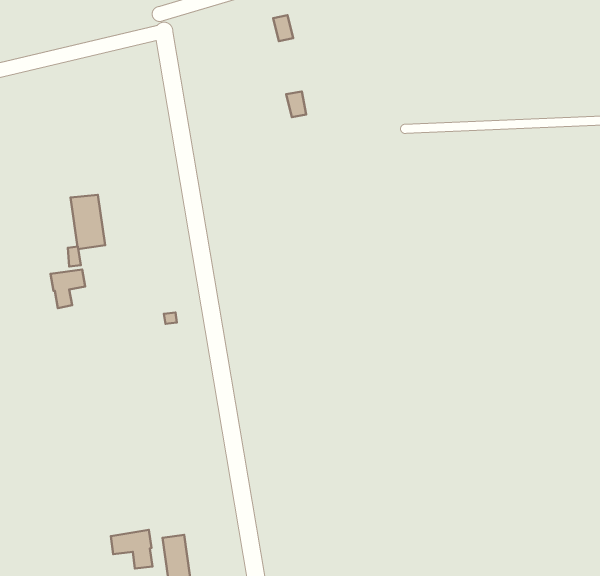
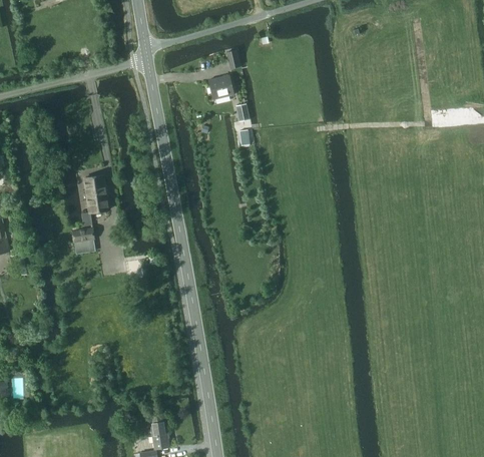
building: none -> [208,74,233,99]
building: [111,530,152,568] -> none

